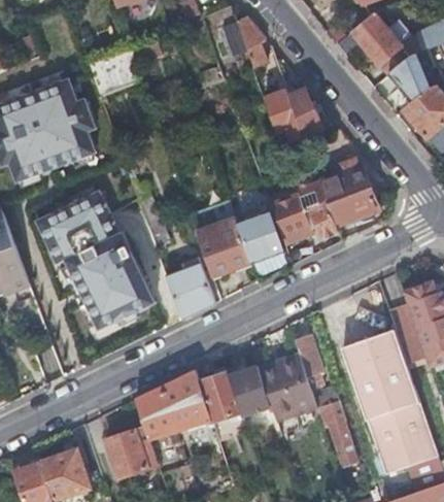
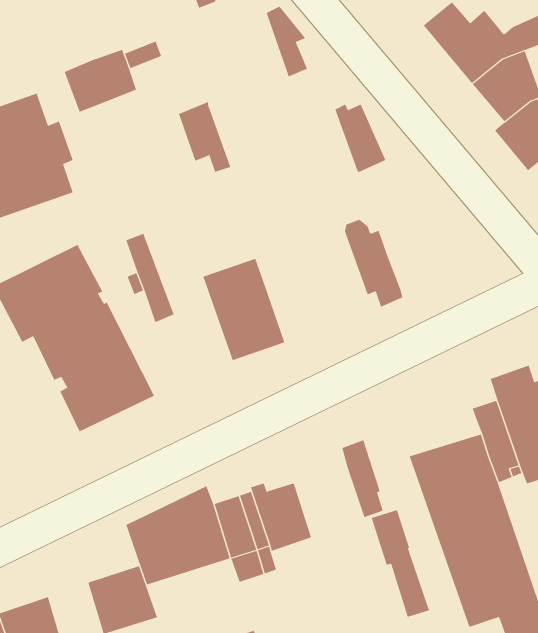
building: [265,89,304,141] -> [178,101,231,173]
building: [320,158,378,225] -> none
building: [269,181,313,242] -> none
building: [237,211,282,263] -> none
building: [166,258,215,319] -> none
building: [259,355,315,422] -> none

